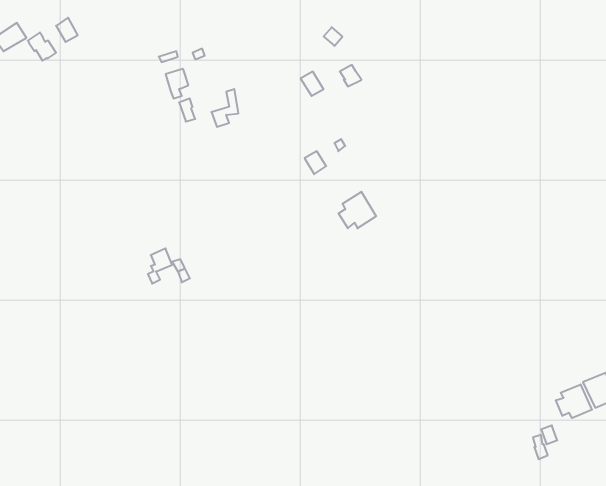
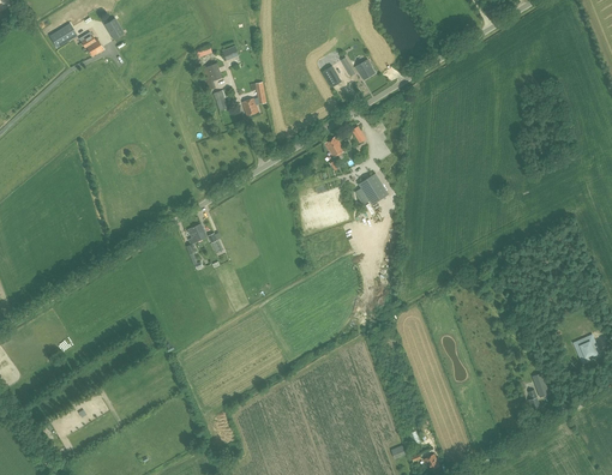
building: [556,384,592,418] -> none

